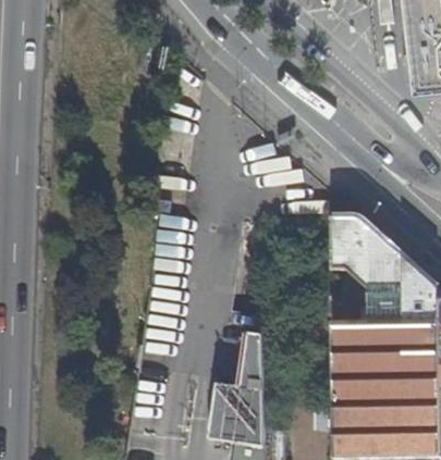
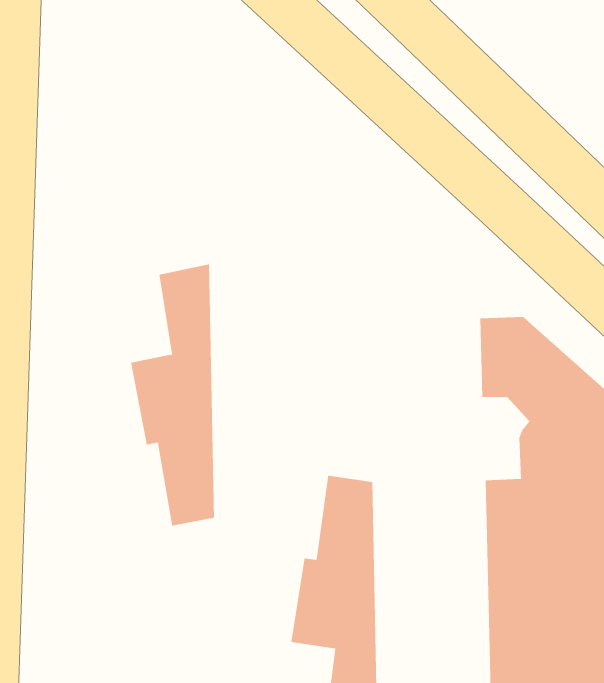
building: none -> [131,264,214,526]

